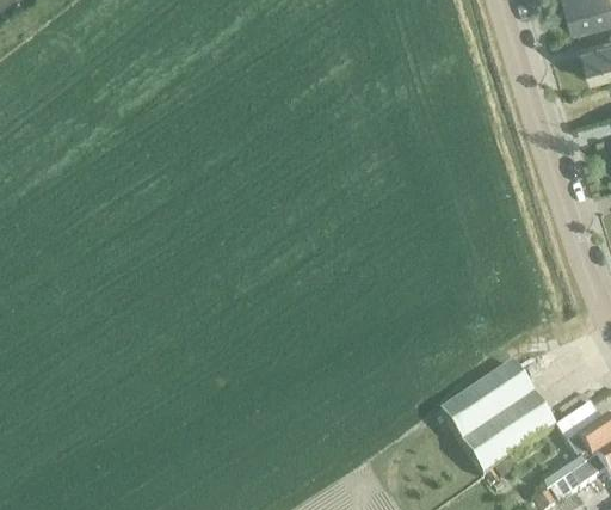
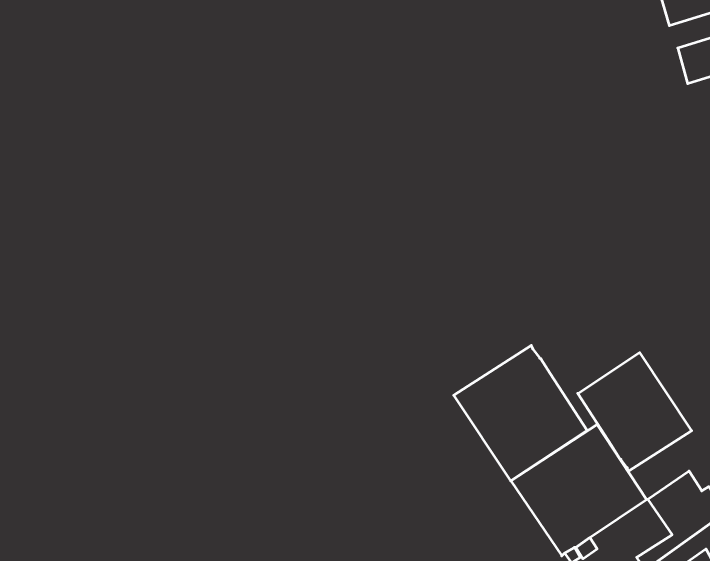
building: none -> [454,345,587,481]
building: none -> [578,353,692,471]

